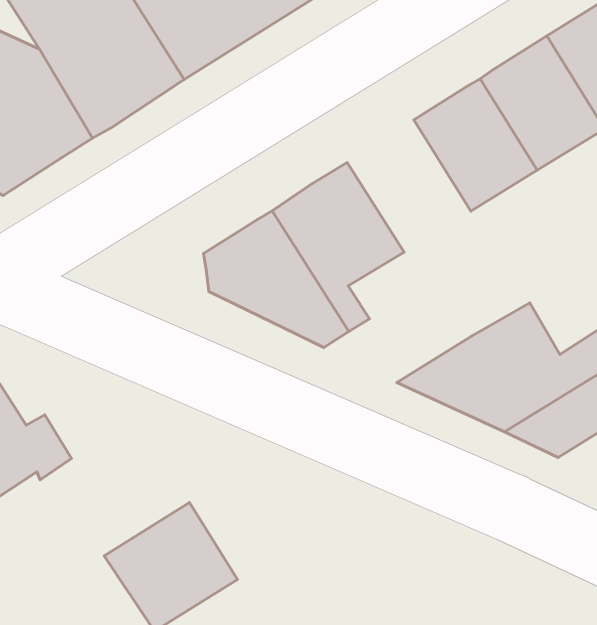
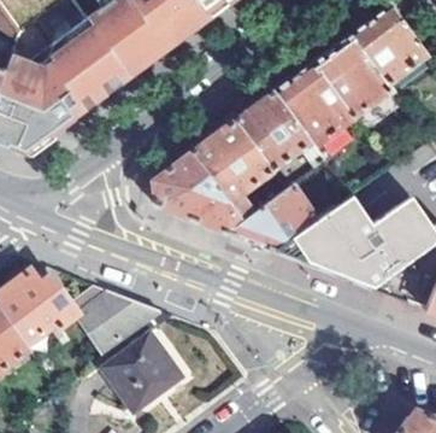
building: none -> [235,90,322,171]
building: none -> [229,186,318,251]
building: none -> [81,289,164,349]

